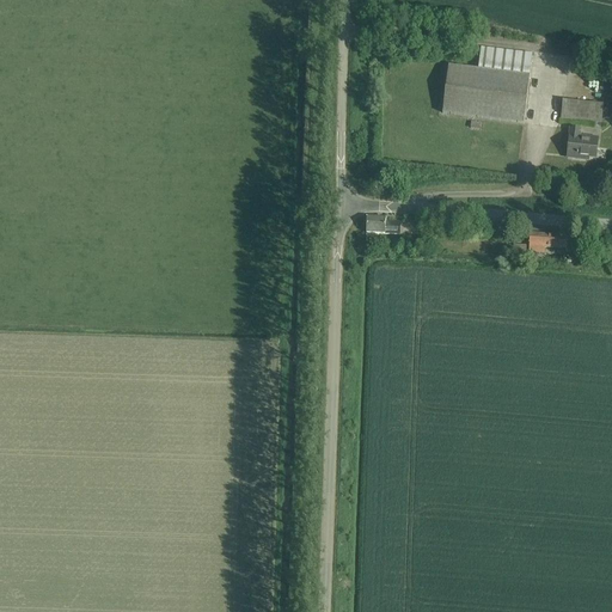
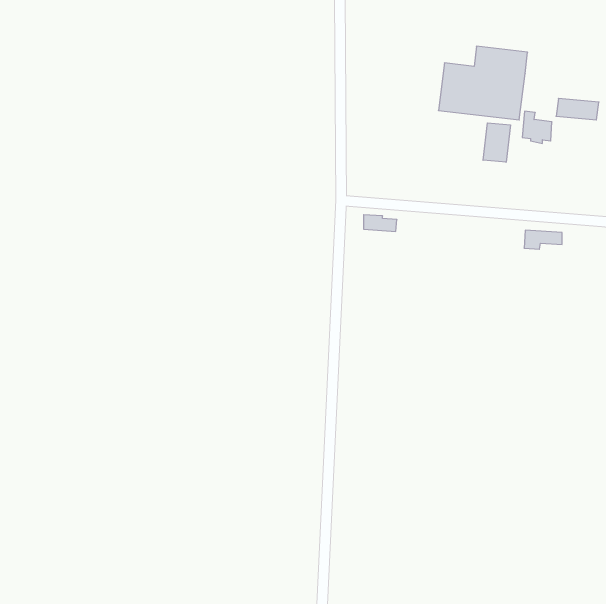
building: none -> [483,123,510,162]
building: [567,127,596,159] -> [522,111,552,143]

